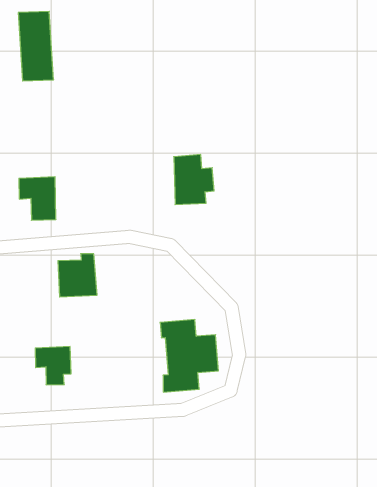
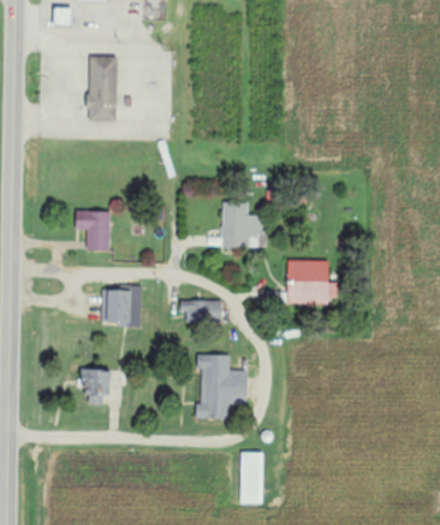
building: none -> [286,259,335,302]
building: none -> [180,300,221,323]
building: none -> [239,452,262,503]

